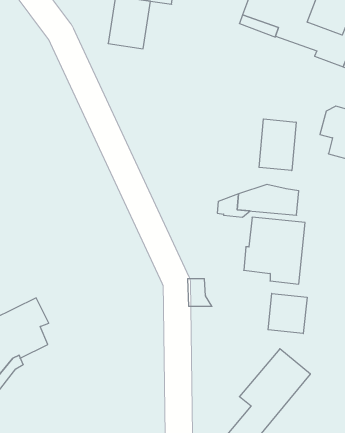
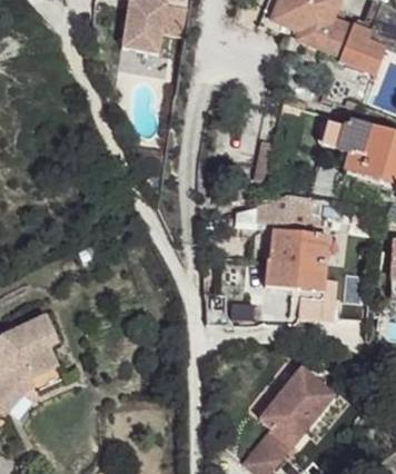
building: [259,119,296,171] -> none
building: [268,293,307,334] -> none

